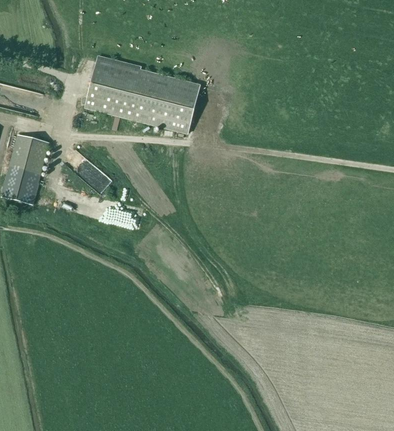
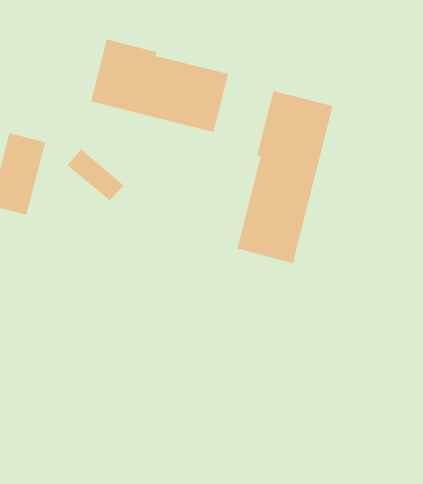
building: none -> [237,90,333,264]

